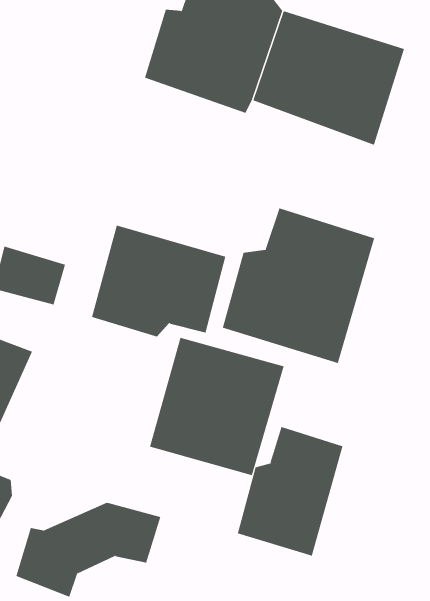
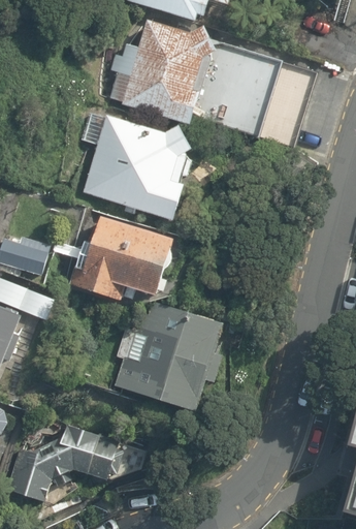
building: none -> [86,114,196,221]
building: [222,208,375,364] -> none
building: [237,426,343,557] -> none

